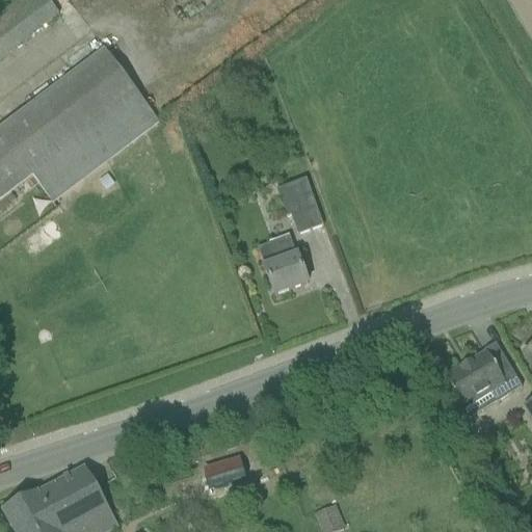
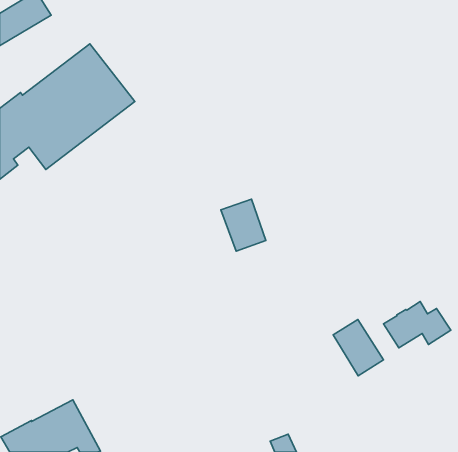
building: [275,175,322,231] -> none
building: none -> [333,320,384,376]
building: [203,459,245,486] -> none

